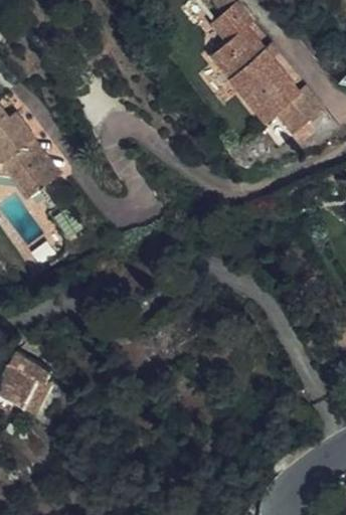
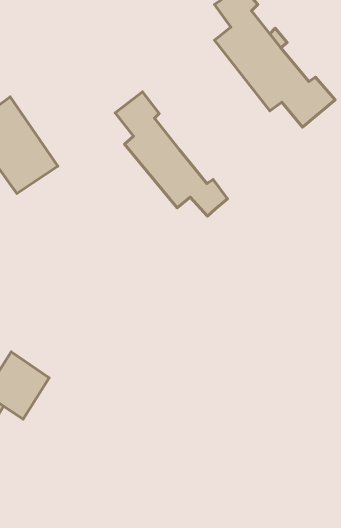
building: none -> [115,92,227,216]

